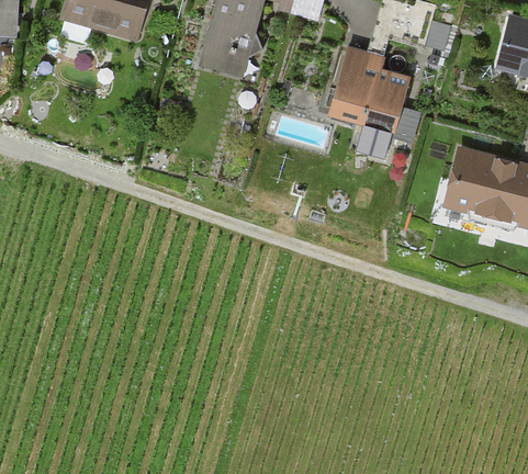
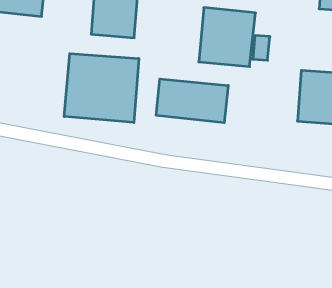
building: none -> [64,54,139,123]
building: none -> [156,79,228,123]

